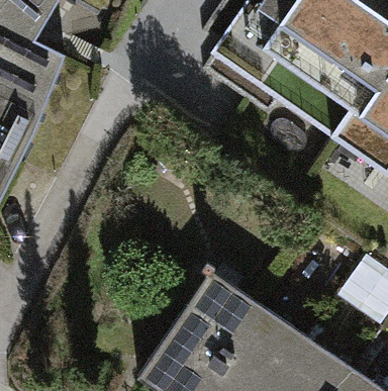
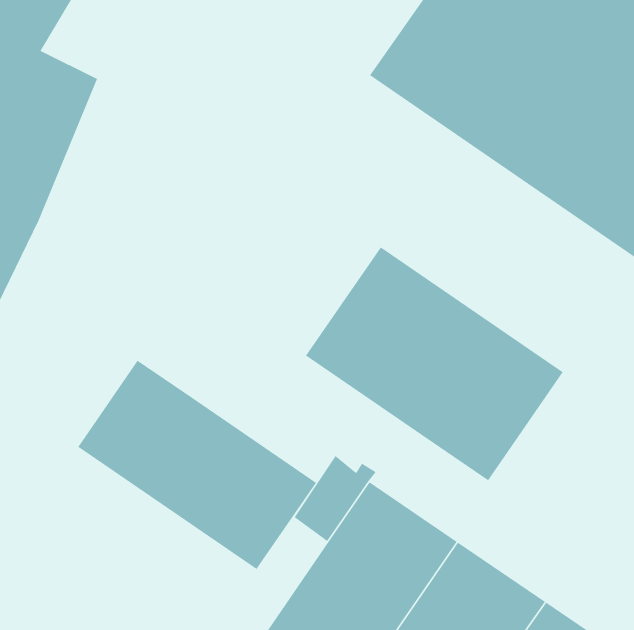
building: none -> [305,247,564,481]
building: none -> [77,360,317,570]

